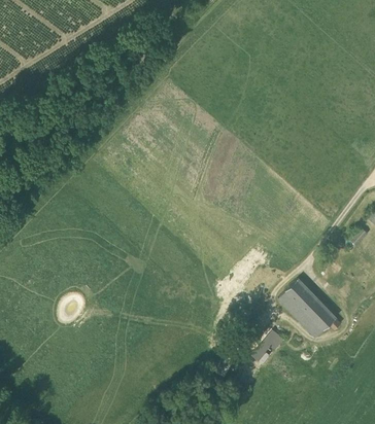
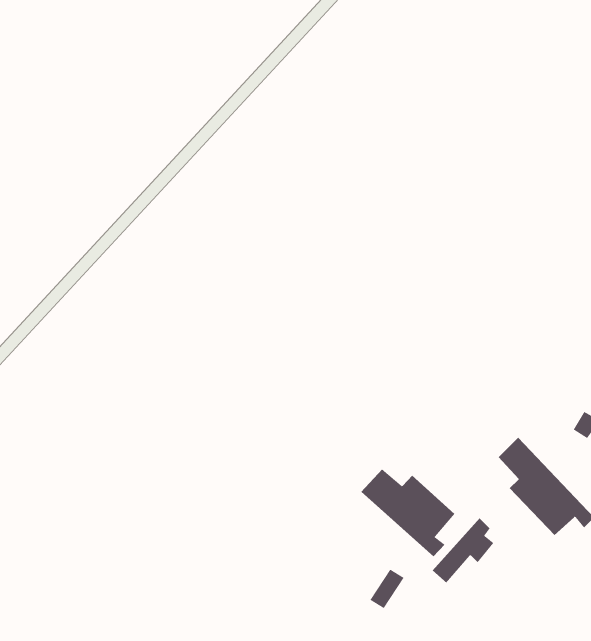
building: none -> [361,468,455,557]

